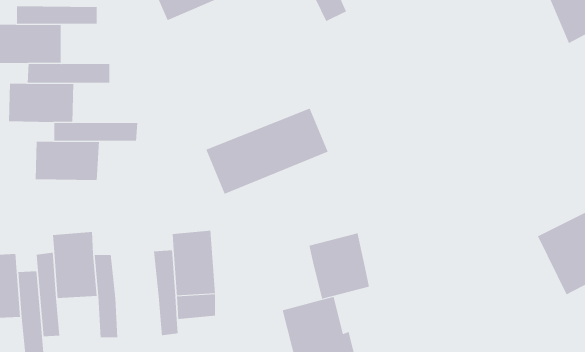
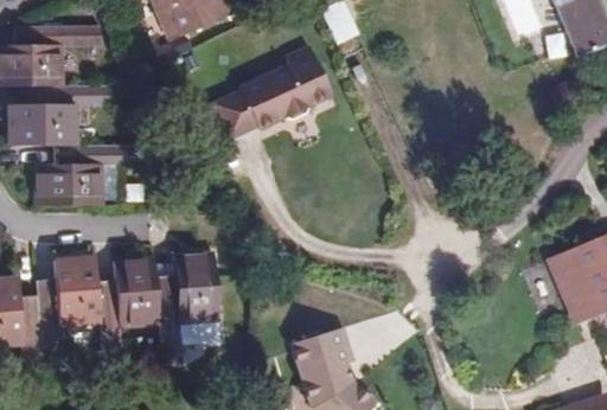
building: [206,108,329,195] -> [204,51,330,140]
building: [309,233,370,299] -> none
building: none -> [115,260,162,325]

